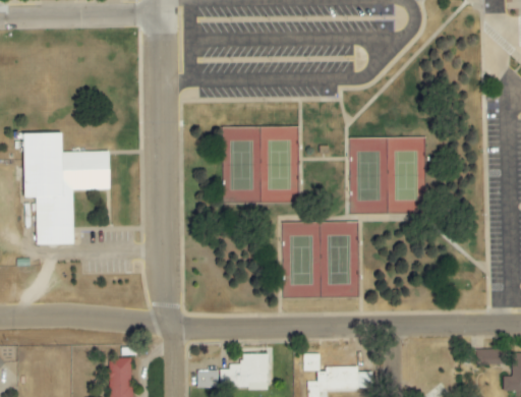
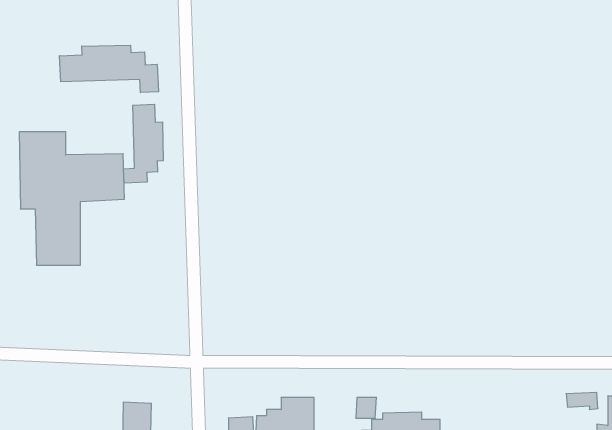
building: none -> [59,45,159,93]
building: none -> [124,104,163,183]

